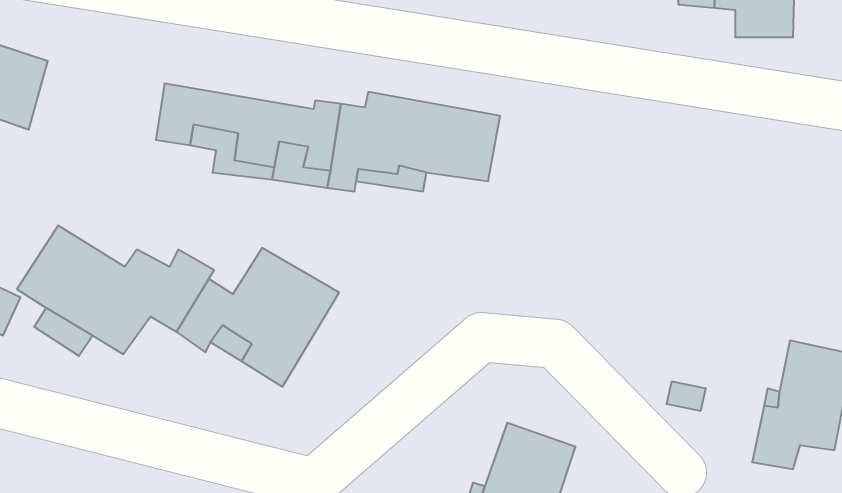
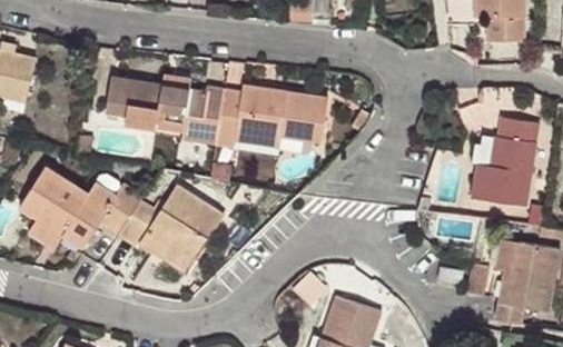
building: none -> [473,116,537,207]

